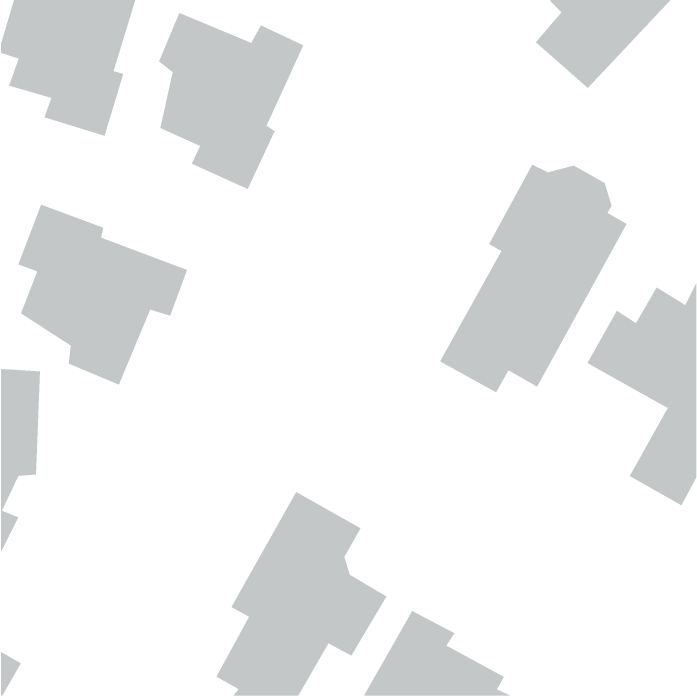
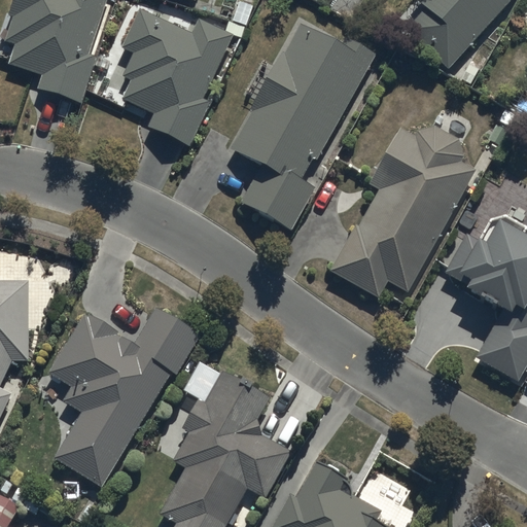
building: none -> [226,20,372,232]
building: [17,204,188,385] -> none
building: none -> [48,305,201,486]

